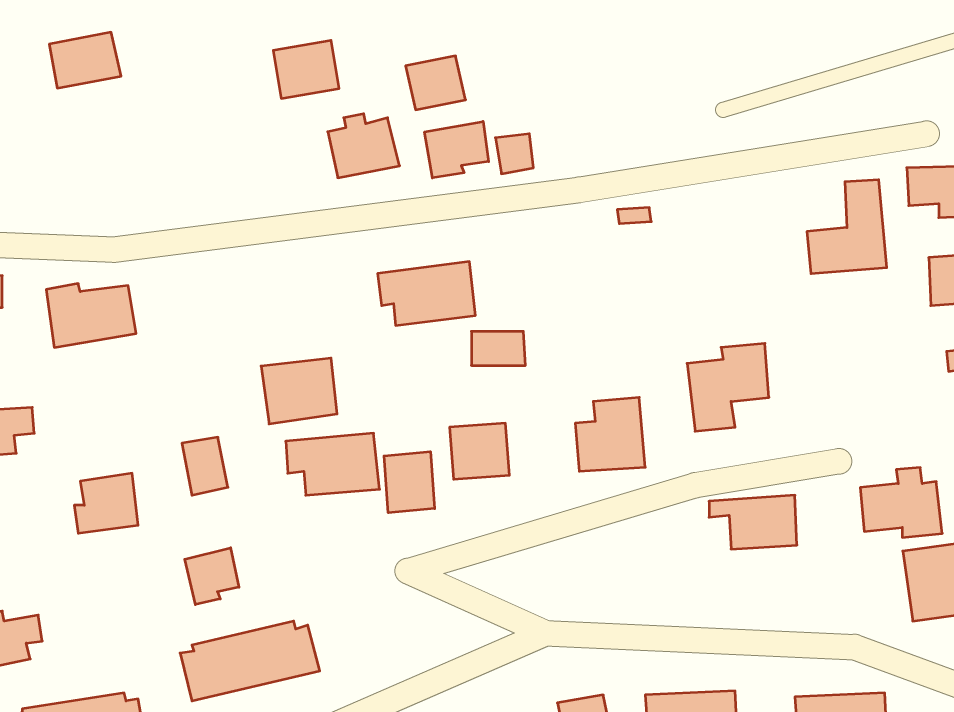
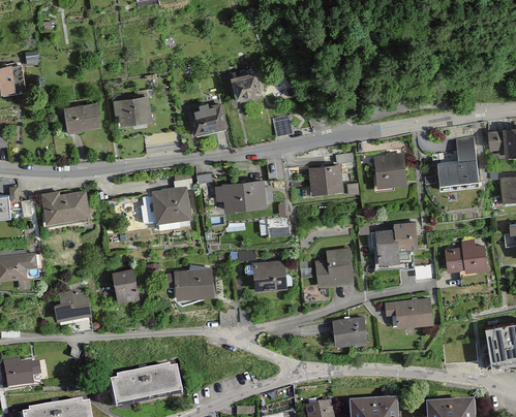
building: [49,32,121,88] -> [64,101,101,130]
building: [273,40,339,98] -> [115,97,149,127]
building: [425,121,489,178] -> none
building: none -> [374,152,405,188]
building: none -> [308,165,341,194]
building: [261,358,337,424] -> [151,187,190,221]
building: [384,452,435,513] -> none
building: [860,468,942,537] -> [444,238,486,275]
building: none -> [333,318,366,347]
building: [185,548,239,605] -> none

